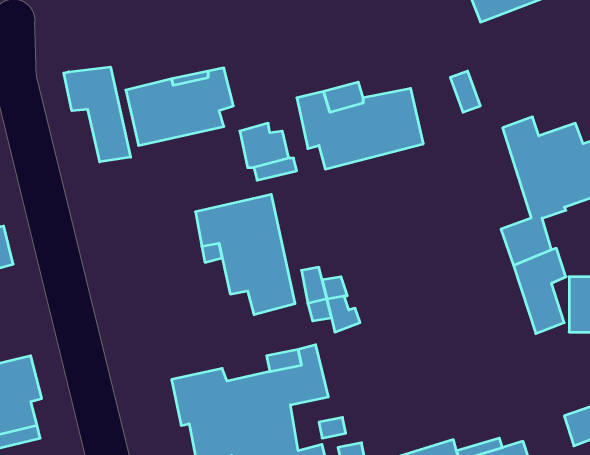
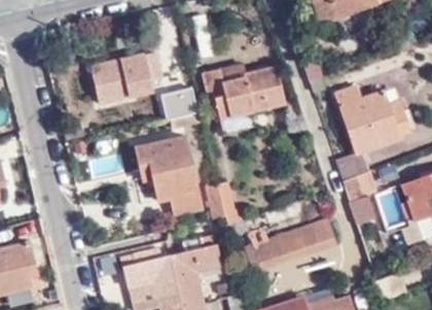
building: [64,67,131,162] -> none
building: none -> [252,219,334,271]

